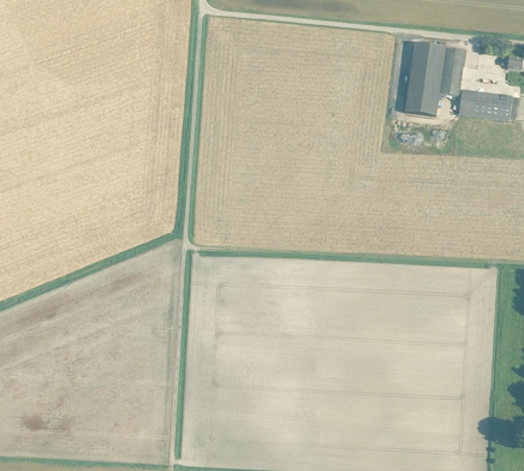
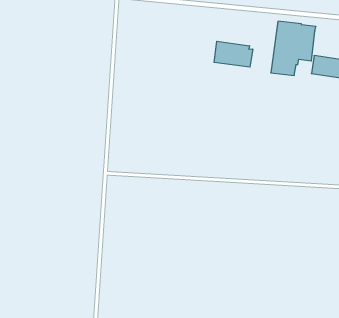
building: none -> [214,41,253,67]

